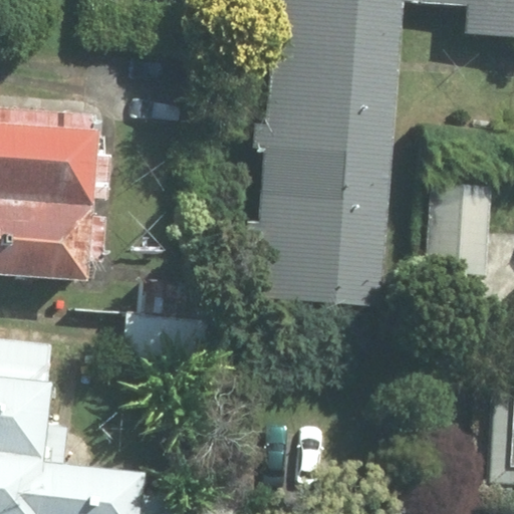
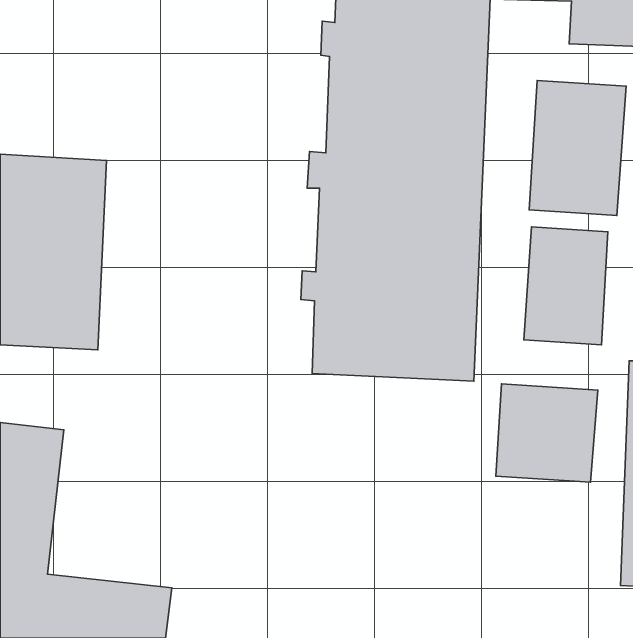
building: none -> [529,80,626,215]
building: none -> [496,384,598,482]

